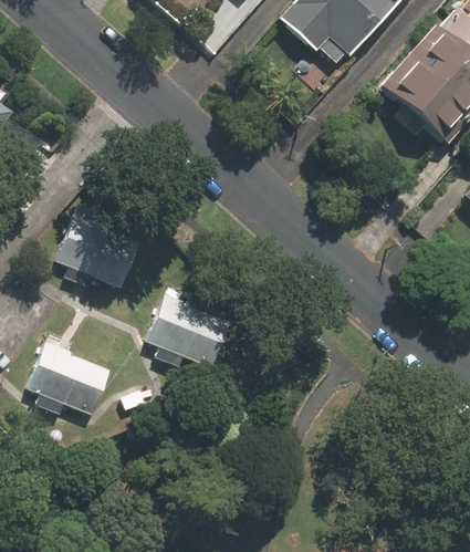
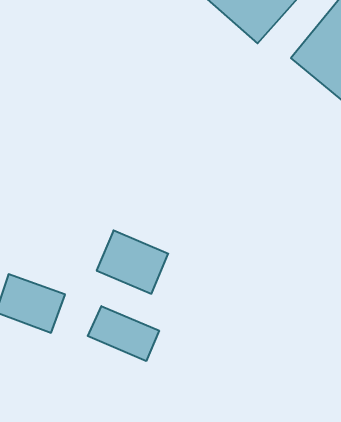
building: [55,213,142,284] -> none
building: none -> [88,306,159,361]

